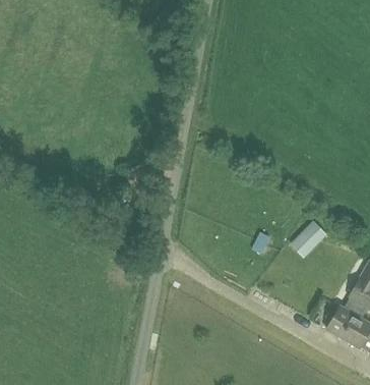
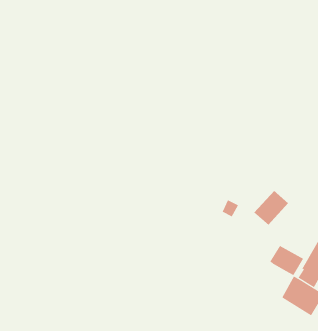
building: none -> [270,245,304,276]

